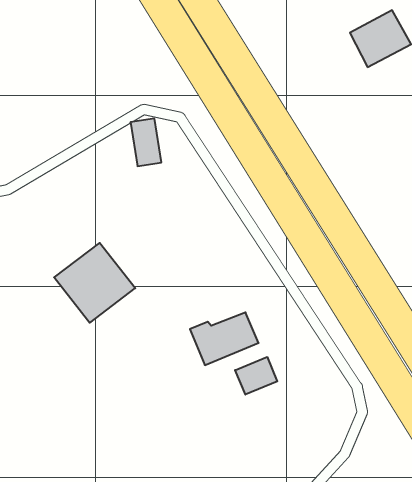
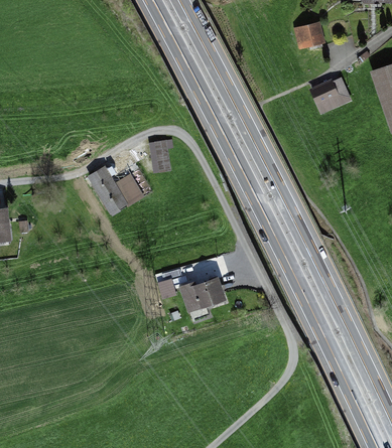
building: [54,243,135,323] -> [91,159,147,214]
building: [235,357,277,395] -> none

